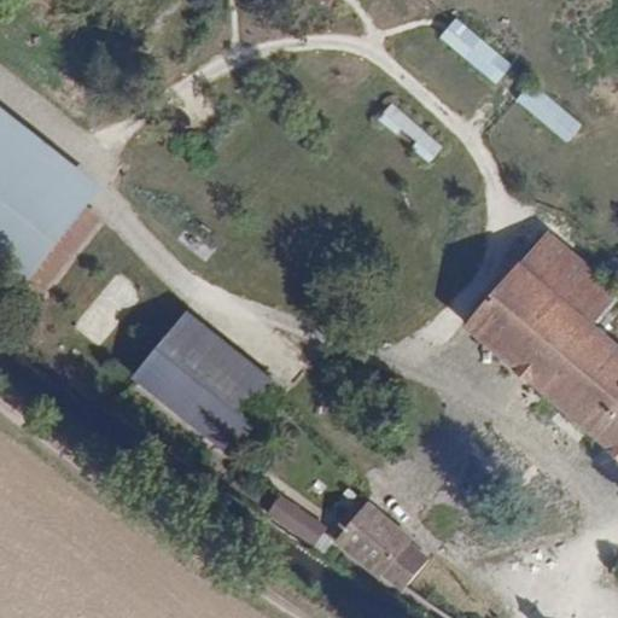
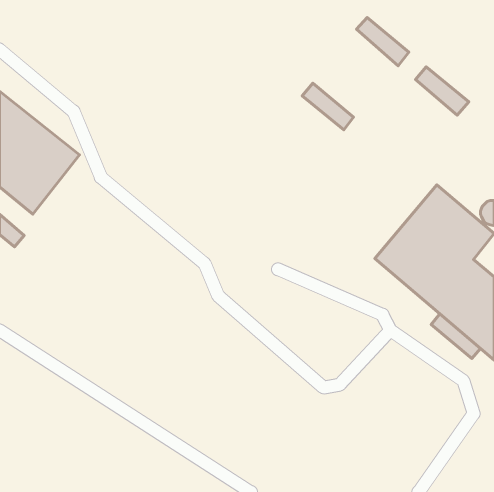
building: [135,319,276,451] -> none
building: [264,494,328,547] -> none
building: [336,500,427,585] -> none

